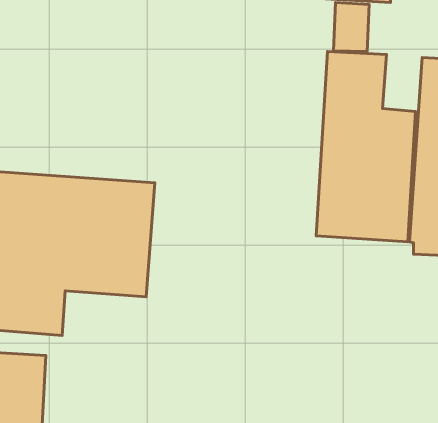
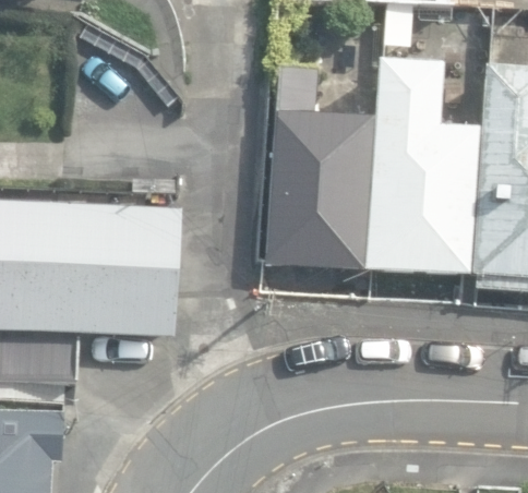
building: none -> [263,65,372,269]

